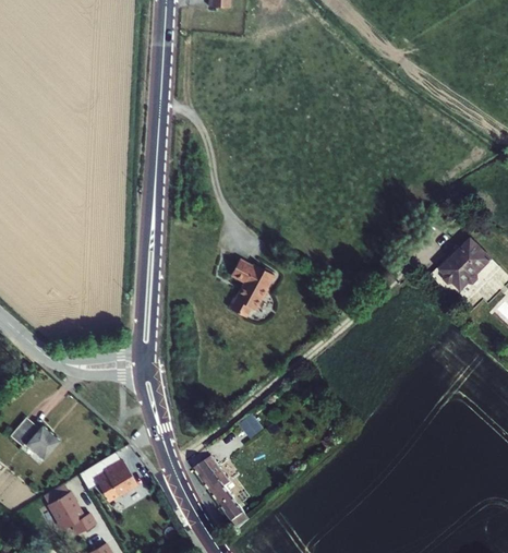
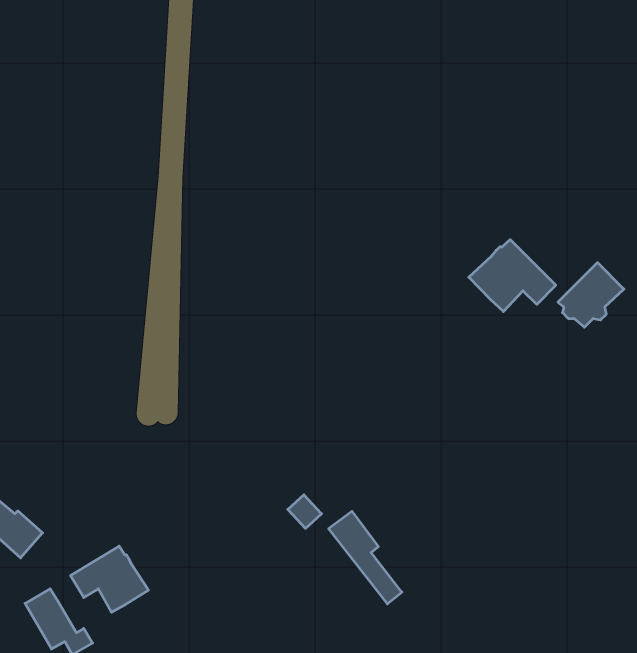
building: none -> [469,240,556,312]
building: [227,260,271,316] -> none
building: [193,457,247,526] -> [329,511,402,604]

